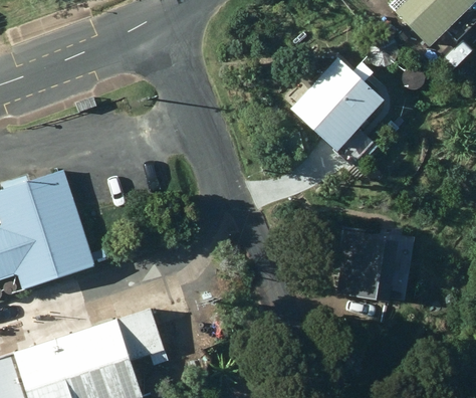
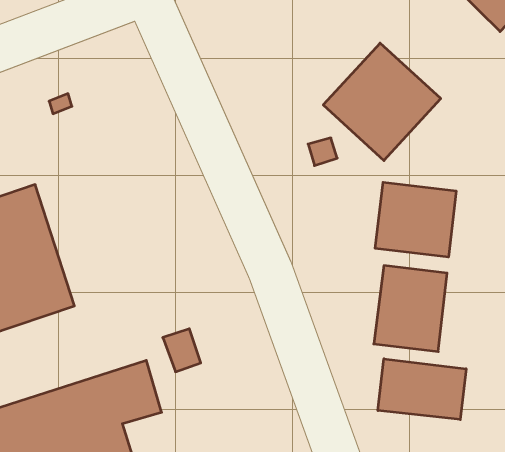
building: none -> [375,182,456,257]
building: none -> [378,359,466,420]

